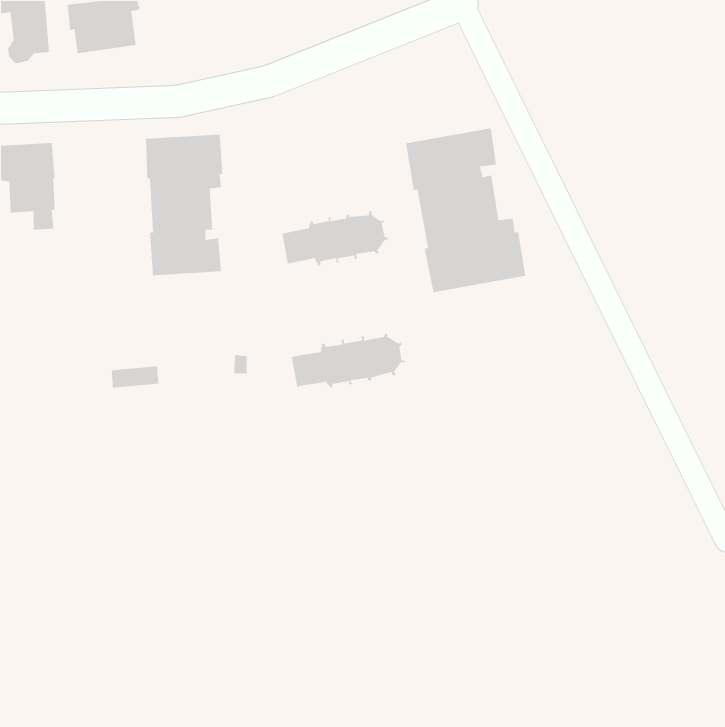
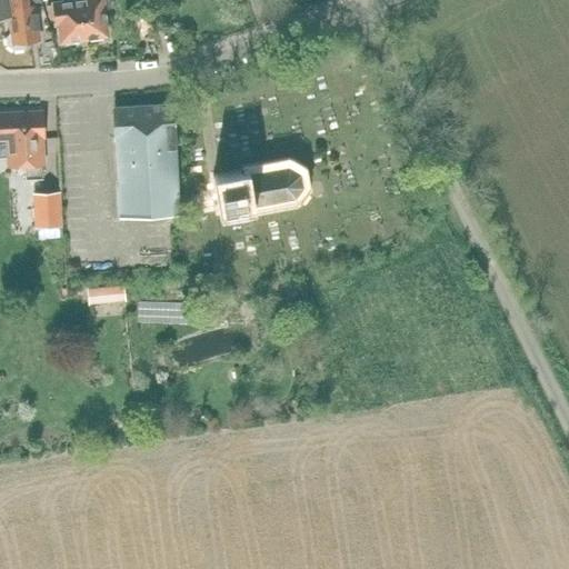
building: [405,128,526,293] -> none
building: none -> [33,191,62,228]
building: [291,333,405,389] -> none

